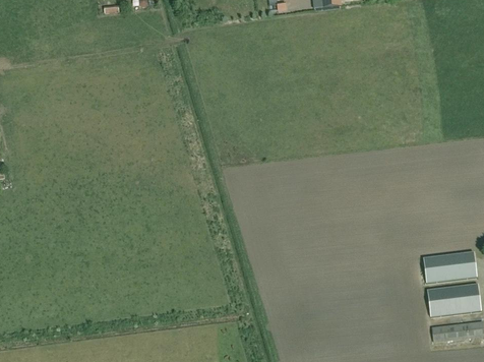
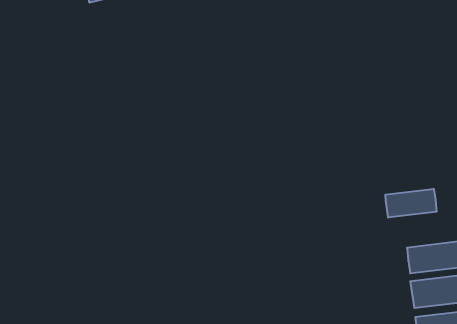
building: none -> [385,189,437,218]

